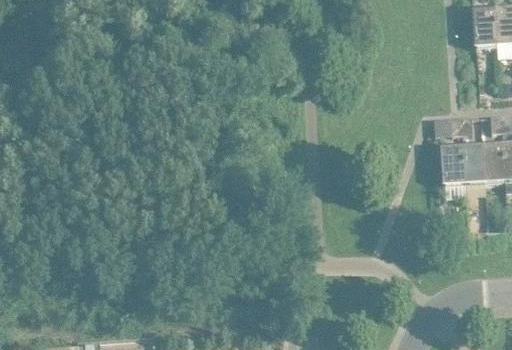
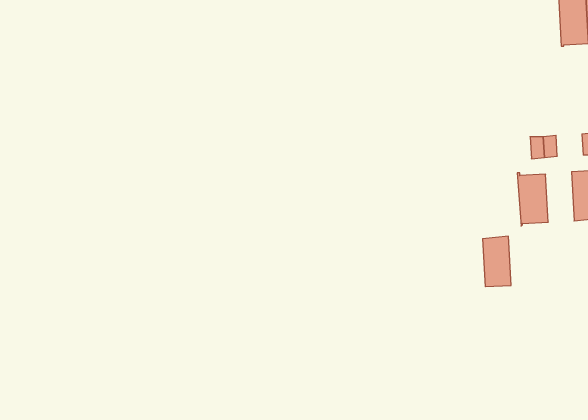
building: [463,144,485,183] -> [483,236,511,287]

